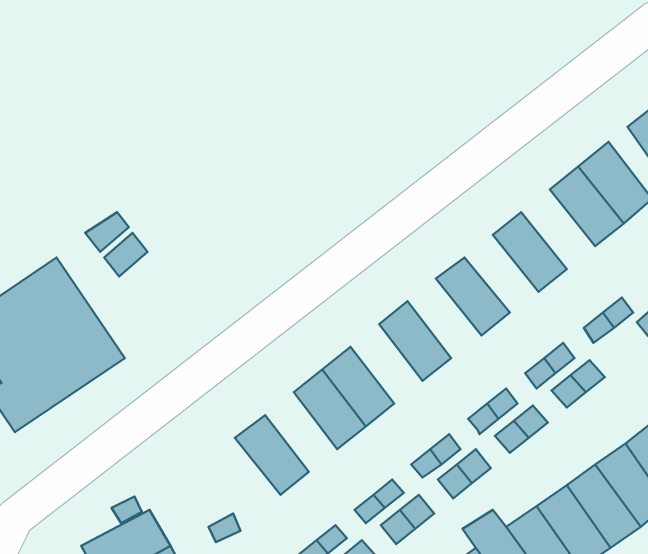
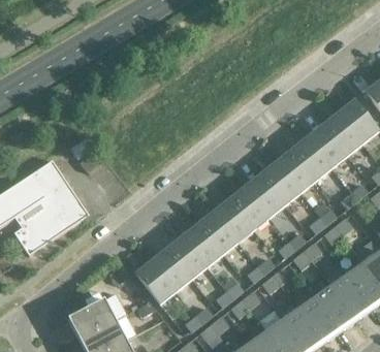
building: none -> [307,124,347,167]
building: none -> [276,149,316,191]
building: none -> [245,172,285,216]
building: none -> [214,197,253,241]
building: none -> [167,234,207,278]
building: none -> [135,259,176,302]

